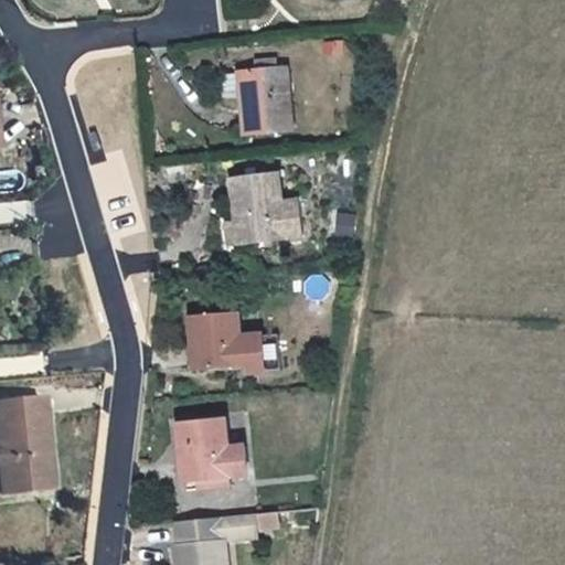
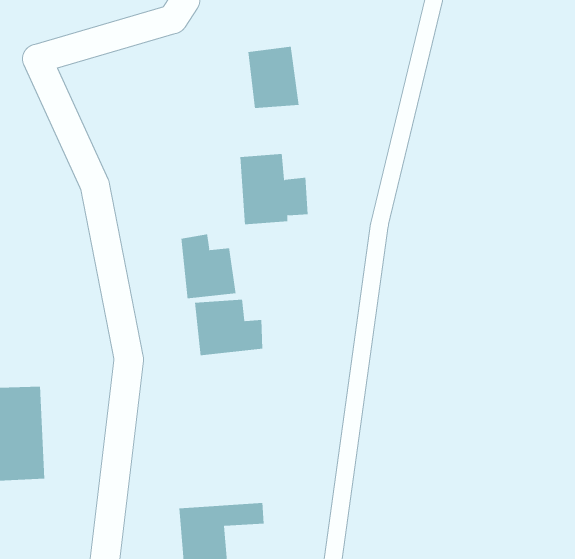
building: none -> [181,233,236,299]
building: [177,416,265,487] -> none

